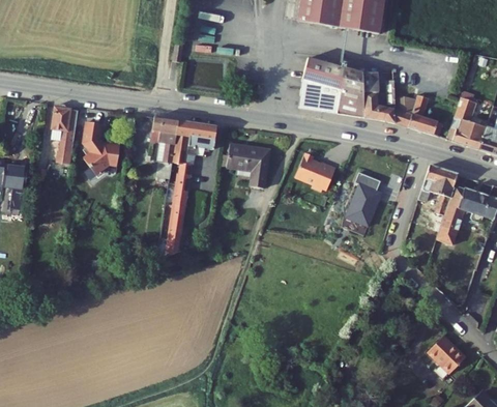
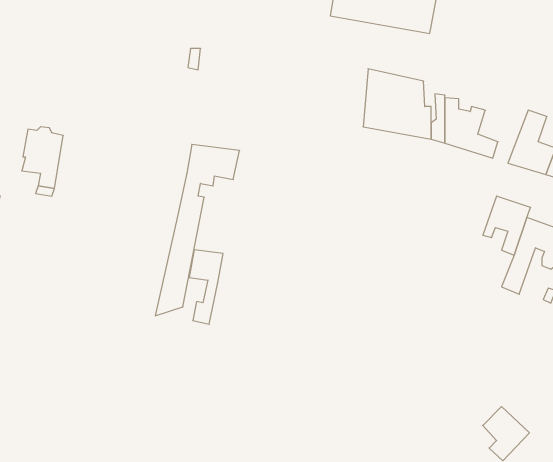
building: [297,53,330,108] -> none
building: [157,119,185,180] -> [189,250,223,324]
building: [84,121,120,175] -> none
building: [228,141,271,186] -> none
building: [295,151,335,190] -> none
building: [345,171,381,225] -> none

